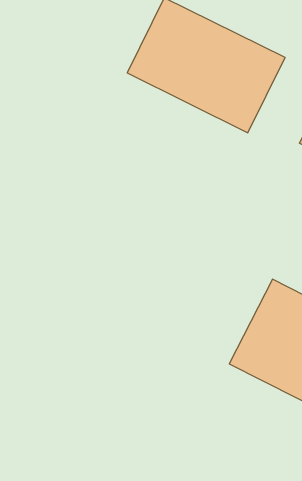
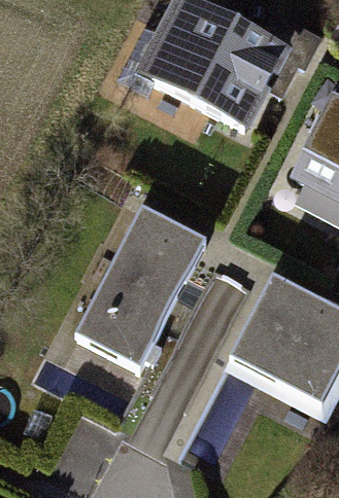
building: none -> [74,208,202,367]

